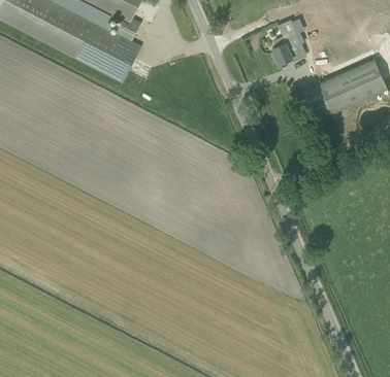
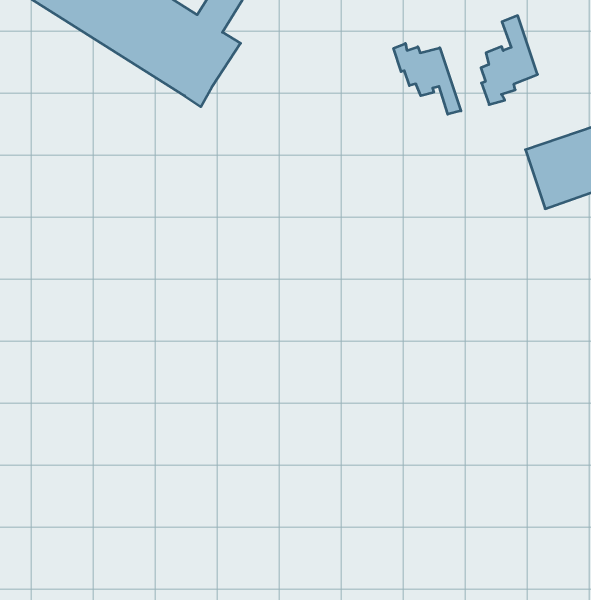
building: none -> [394,43,461,114]

